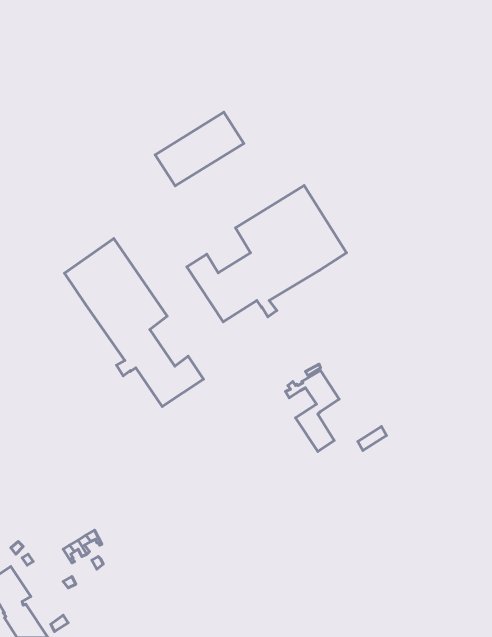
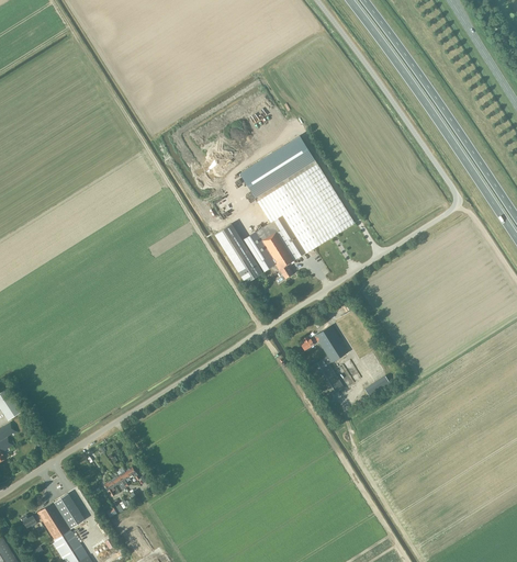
building: [155,112,244,186] -> [239,136,317,201]
building: [65,238,204,406] -> none

